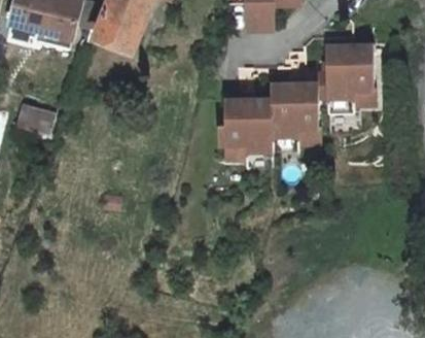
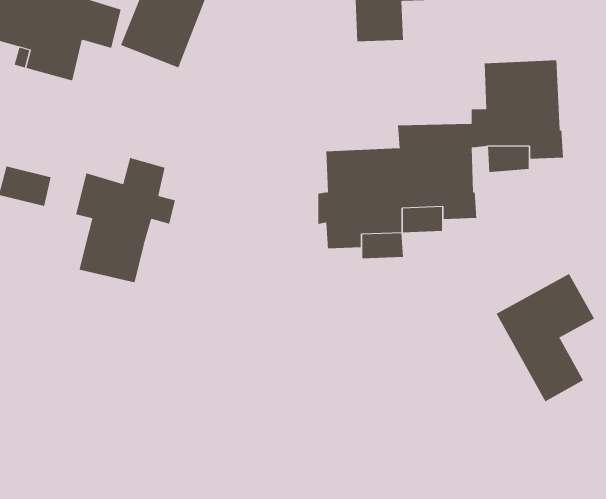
building: none -> [75,157,175,283]
building: none -> [496,273,595,402]

